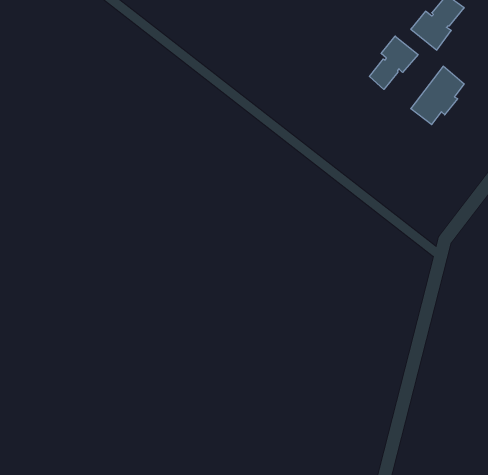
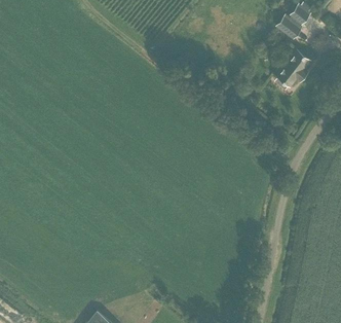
building: [369,36,418,89] -> none

